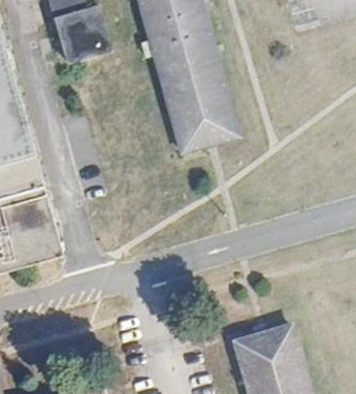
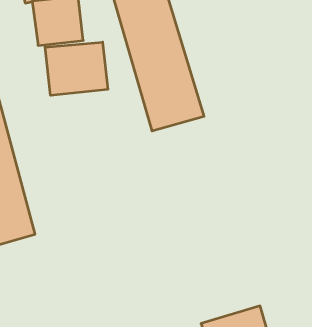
building: none -> [45,42,108,95]

